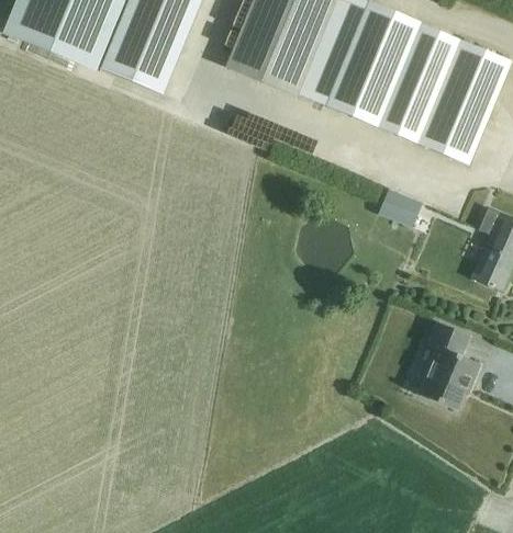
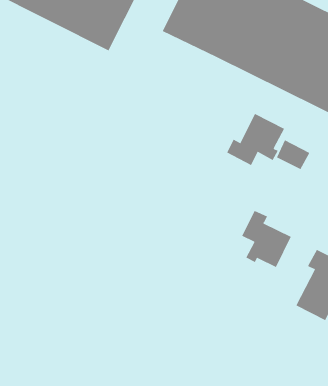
building: none -> [227,113,285,166]
building: none -> [241,210,292,268]

